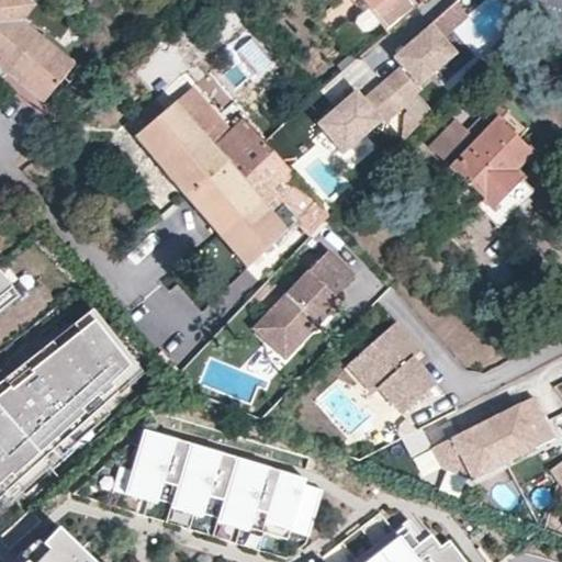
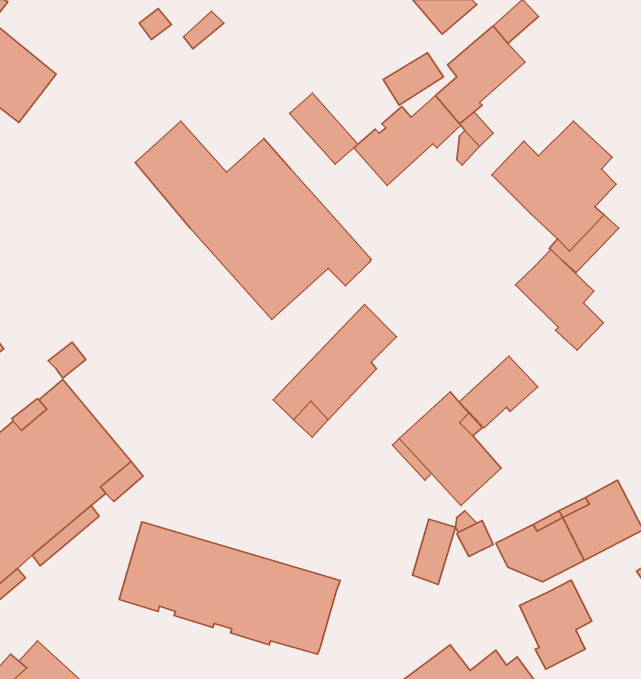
building: [175,85,231,143] -> [290,93,358,164]
building: none -> [515,250,604,350]
building: none -> [459,356,538,428]
building: none -> [519,580,592,669]
building: [289,486,324,540] -> [413,519,456,585]

